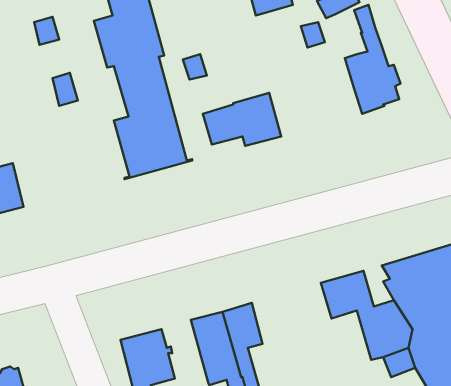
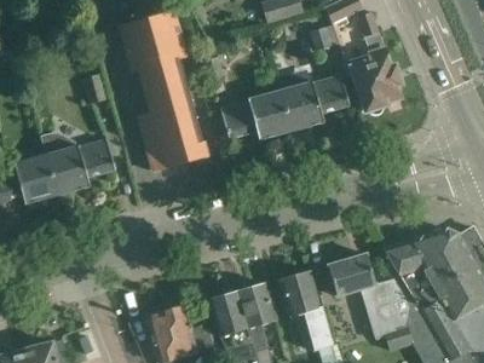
building: none -> [281,77,350,132]
building: none -> [41,133,116,196]
building: none -> [280,271,333,351]

